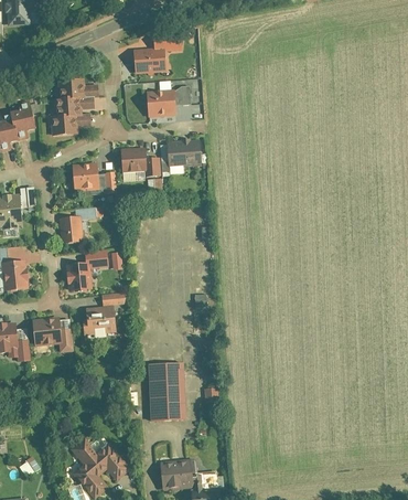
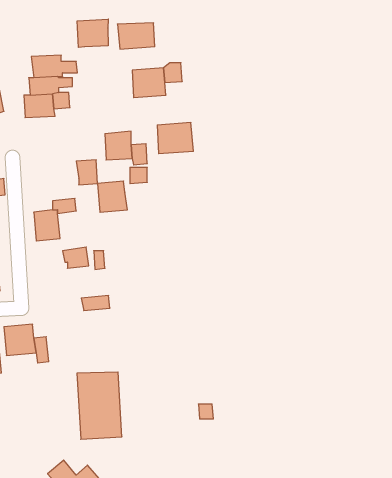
building: none -> [77,19,108,47]
building: [73,162,99,190] -> [97,181,127,212]
building: [67,262,92,291] -> none
building: [84,306,116,333] -> none
building: [148,361,187,421] -> [77,372,122,439]

